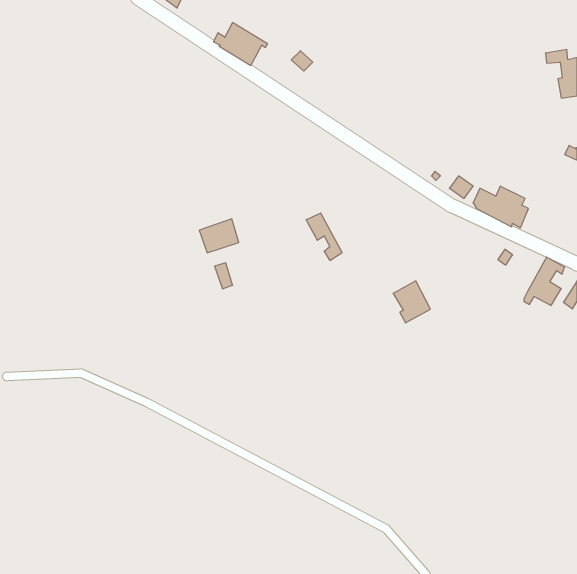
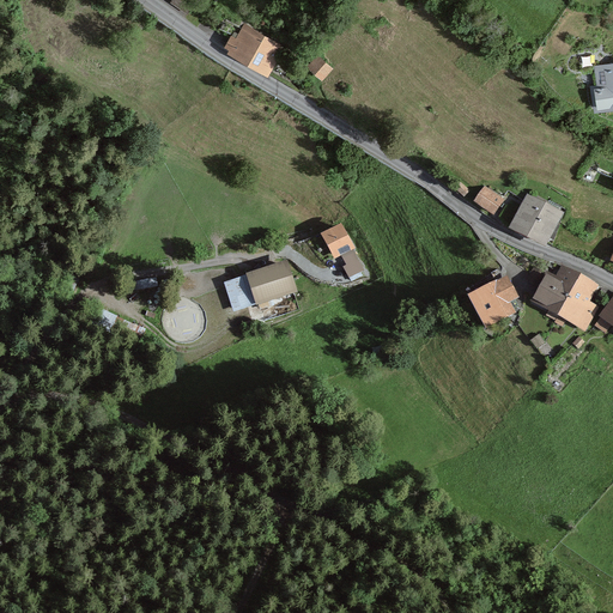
building: [199,219,239,253] -> [250,263,292,299]
building: none -> [536,265,579,317]
building: [393,281,430,323] -> [473,280,512,324]

